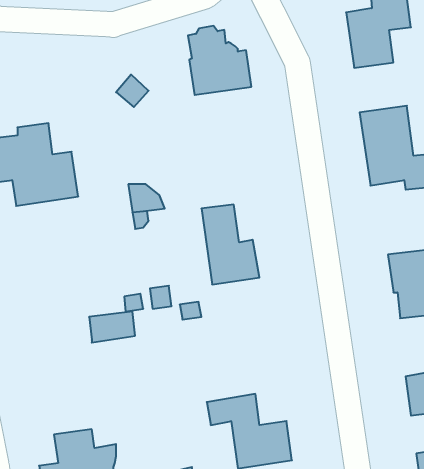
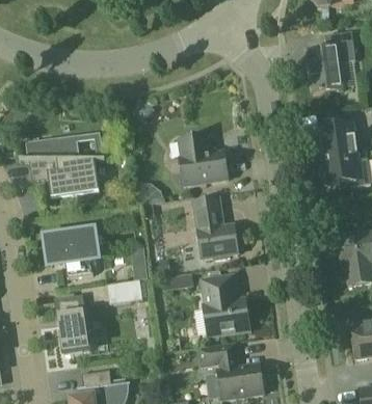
building: [188,26,251,95] -> [178,132,227,185]
building: none -> [46,231,96,277]
building: none -> [202,275,248,335]
building: none -> [55,298,92,355]

